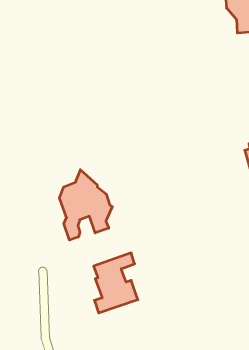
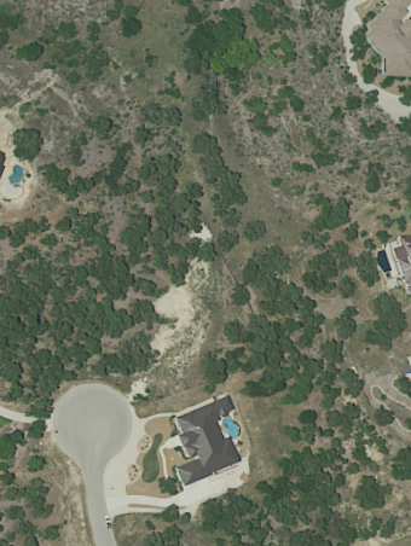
building: [59,170,112,240] -> none

